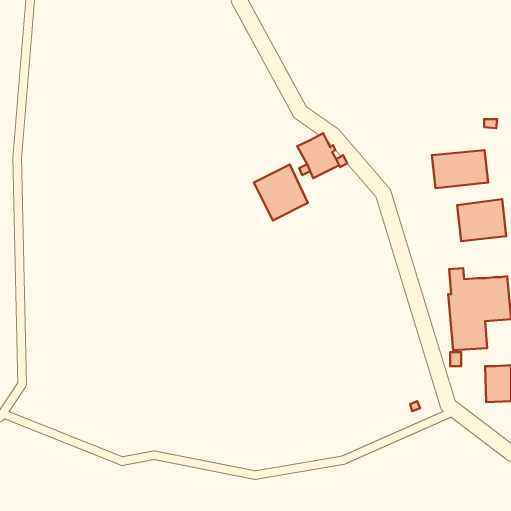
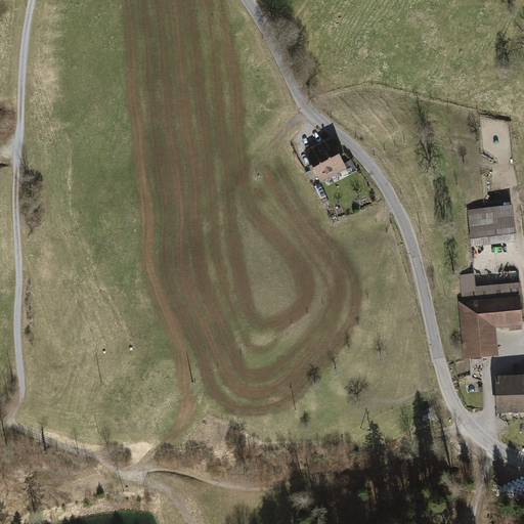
building: [432,150,488,188] -> none
building: [254,164,308,221] -> none

